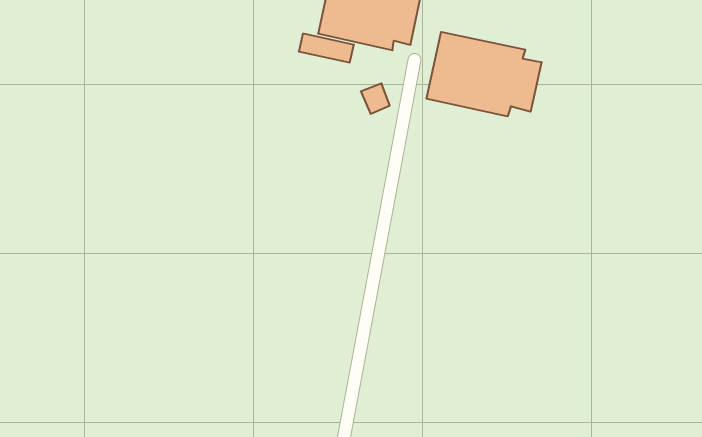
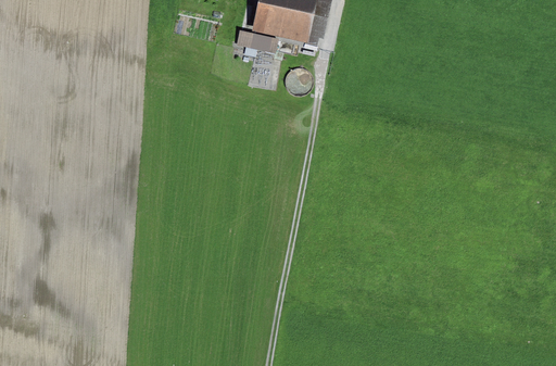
building: [427,32,542,116] -> none

